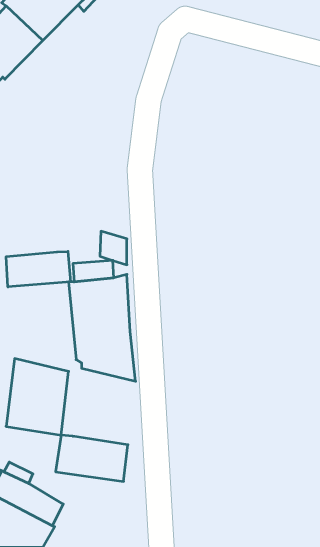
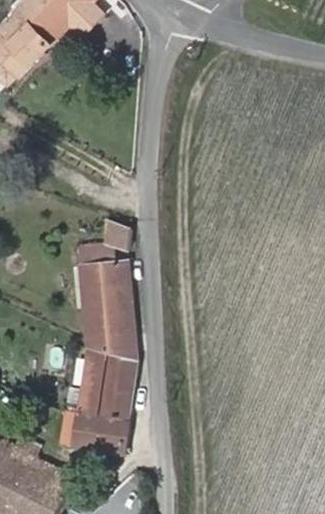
building: [6,251,71,287] -> none
building: [6,359,69,435] -> [78,346,136,418]

